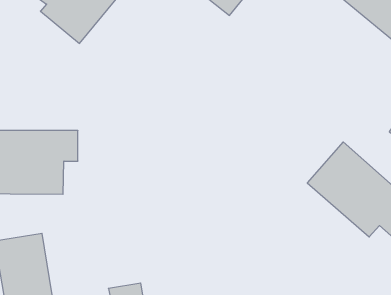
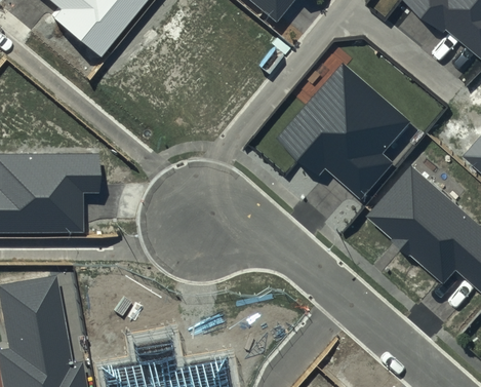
building: none -> [276,62,411,196]

